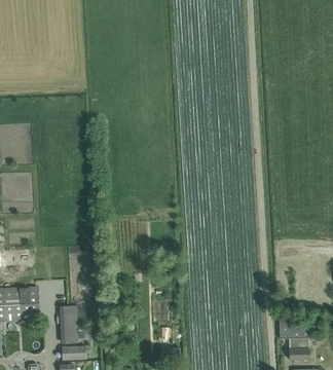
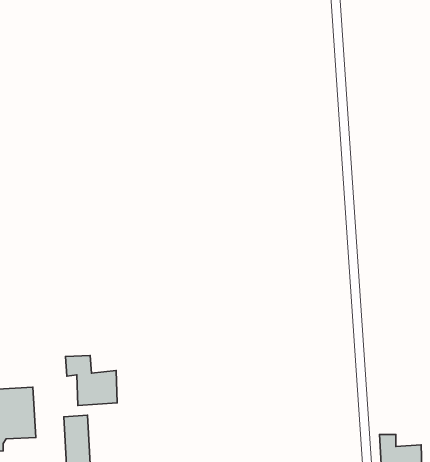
building: none -> [66,355,117,406]

